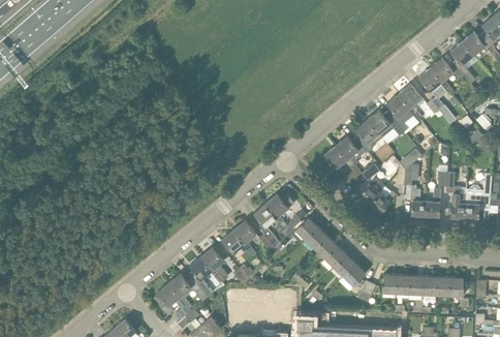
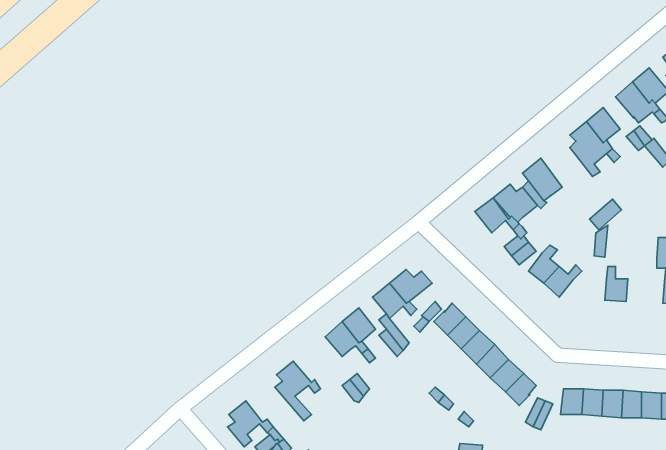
building: [368,111,403,139] -> none
building: [426,172,447,217] -> none
building: [200,247,228,284] -> none
building: [168,274,208,301] -> none

